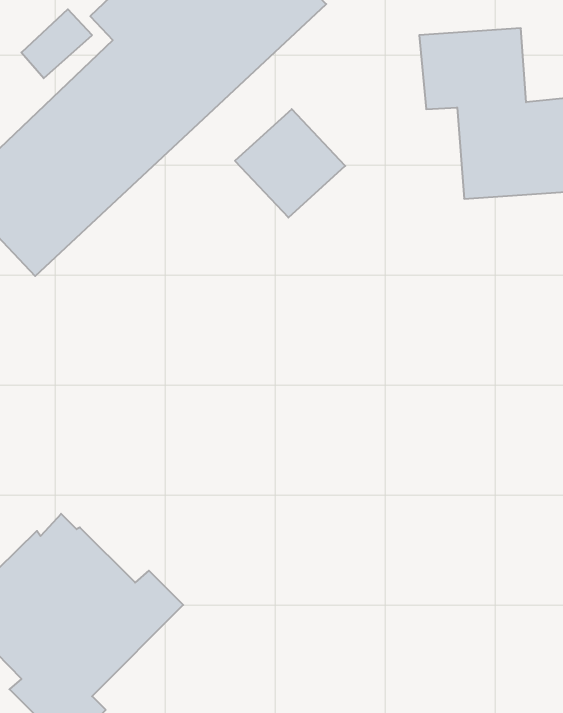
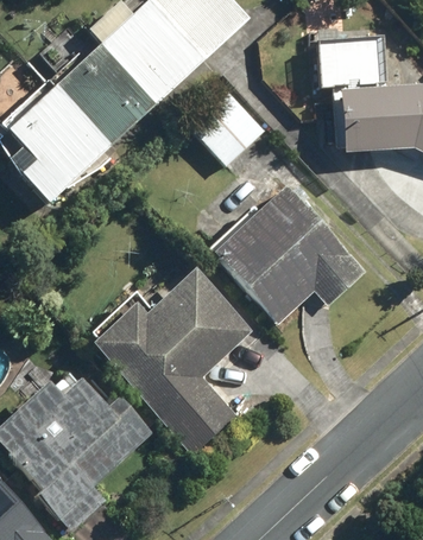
building: none -> [207,182,366,328]
building: none -> [90,268,252,456]

